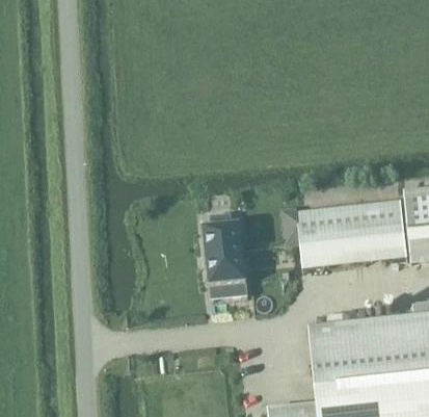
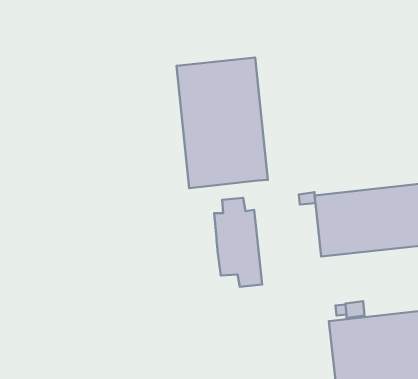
building: none -> [176,58,268,188]

